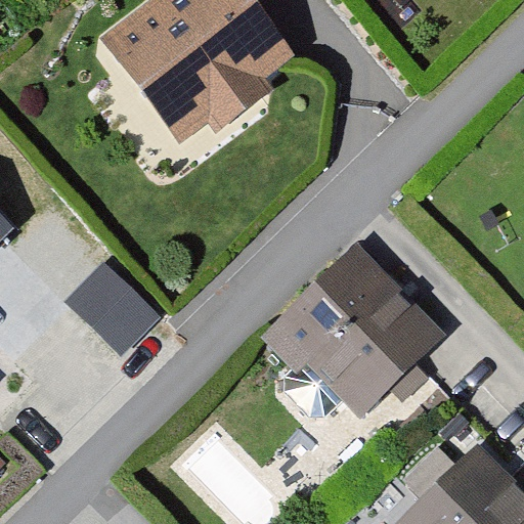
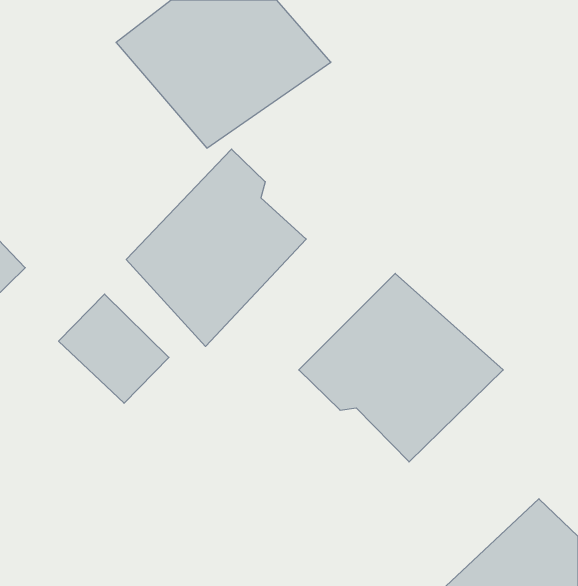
building: none -> [126,149,306,346]

